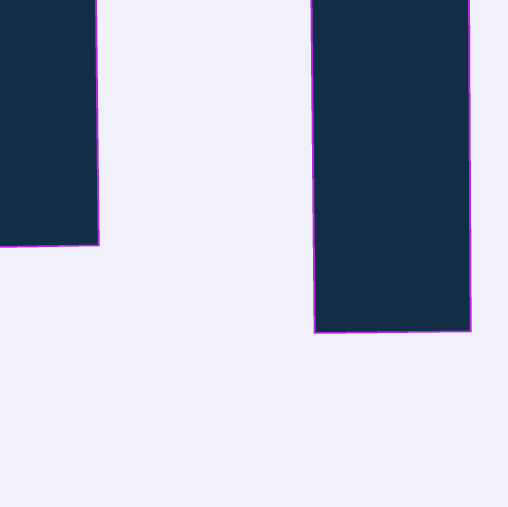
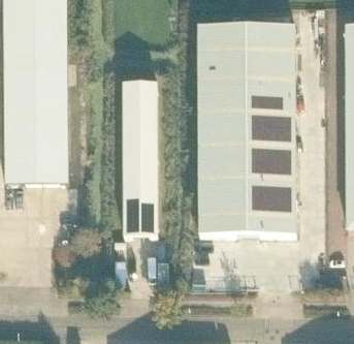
building: none -> [123,82,156,234]

